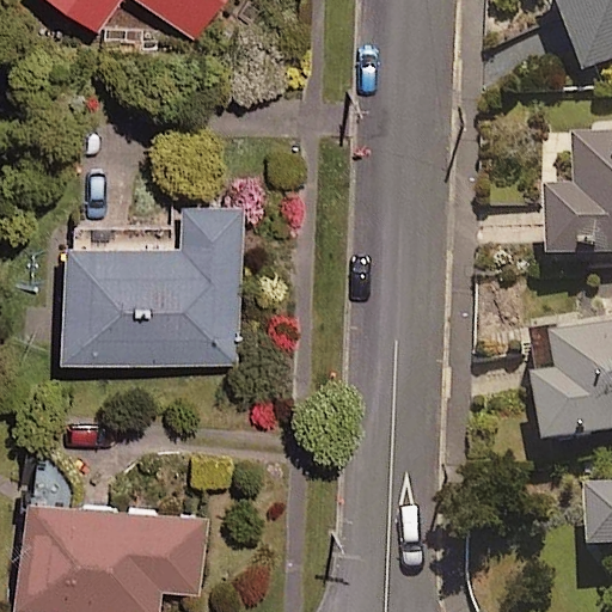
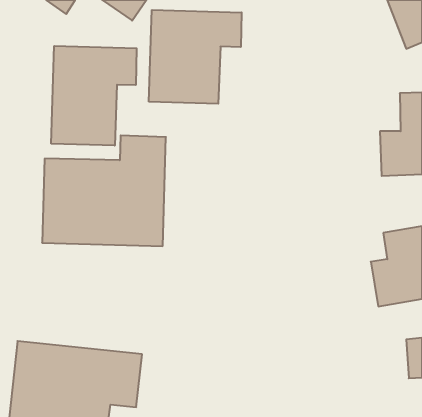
building: none -> [149,10,242,104]
building: none -> [51,46,137,146]

